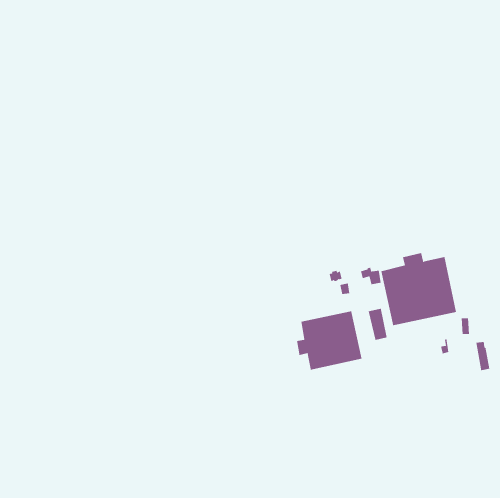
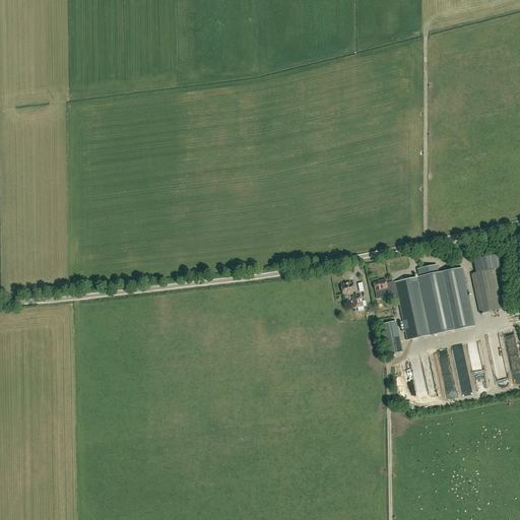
building: none -> [471,251,501,312]
building: [296,310,362,370] -> none

